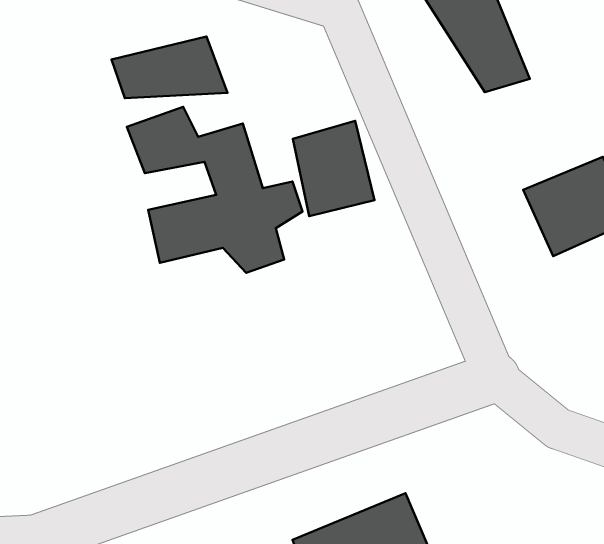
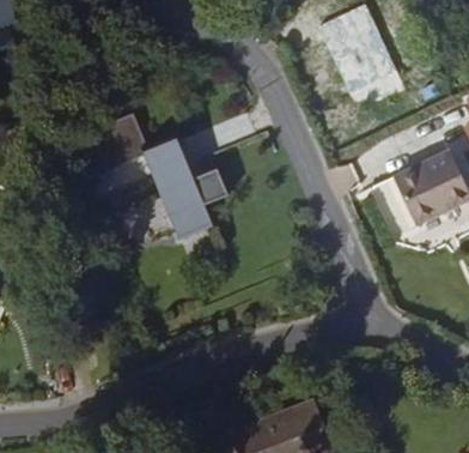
building: [111,36,227,98] -> none
building: [293,121,374,216] -> none

